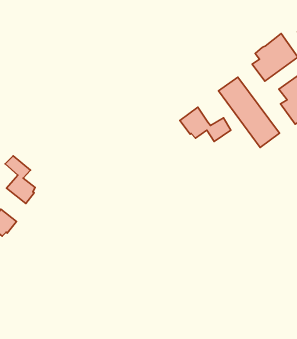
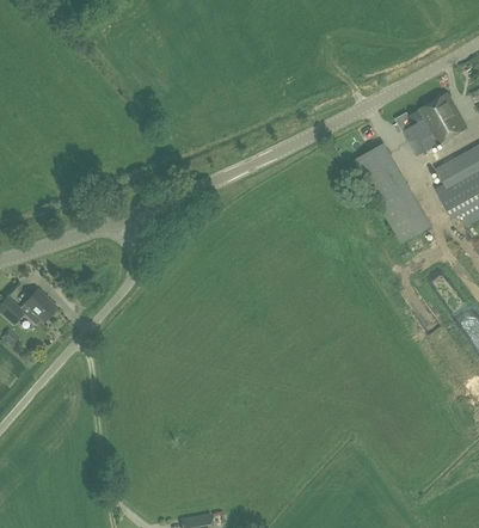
building: [180,107,231,141] -> none
building: [5,156,35,203] -> none

